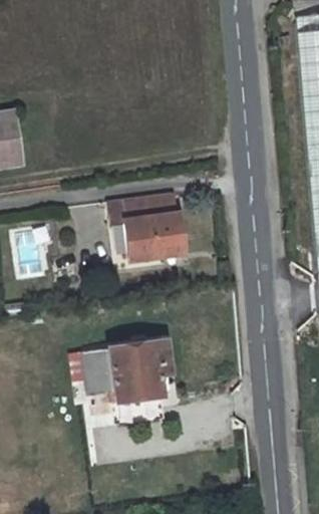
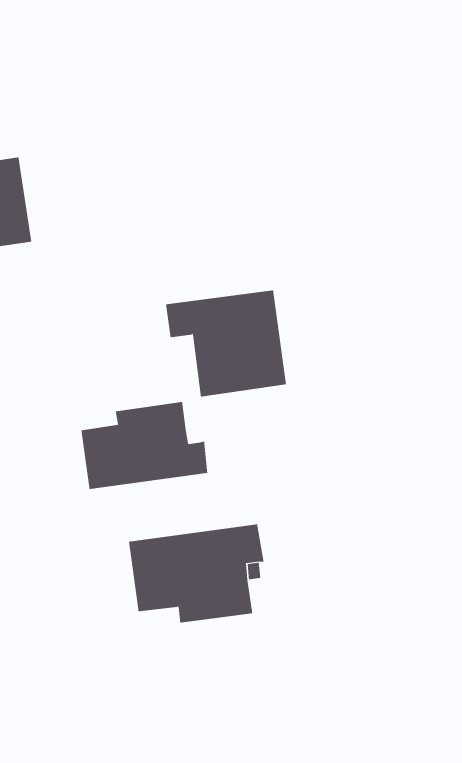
building: none -> [81,401,208,490]

